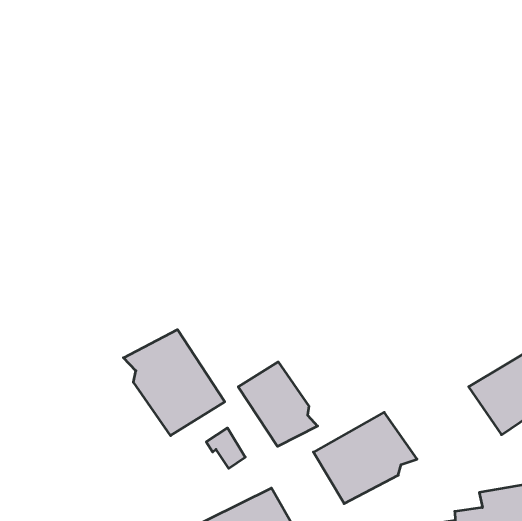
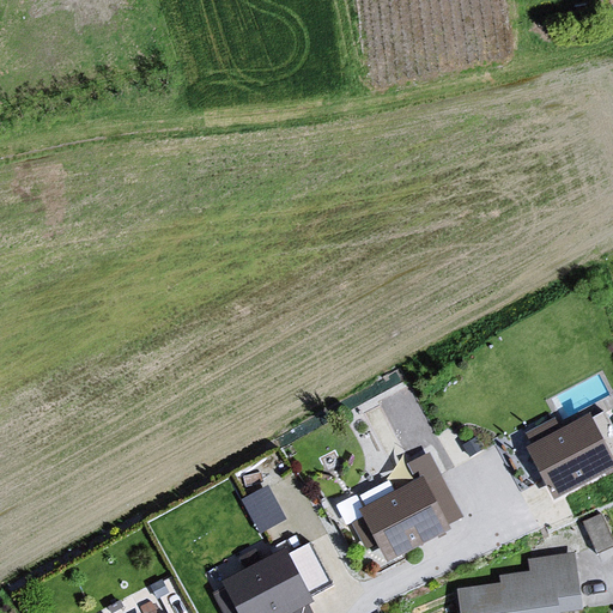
building: [123,330,225,436] -> none
building: [238,362,318,446] -> none

